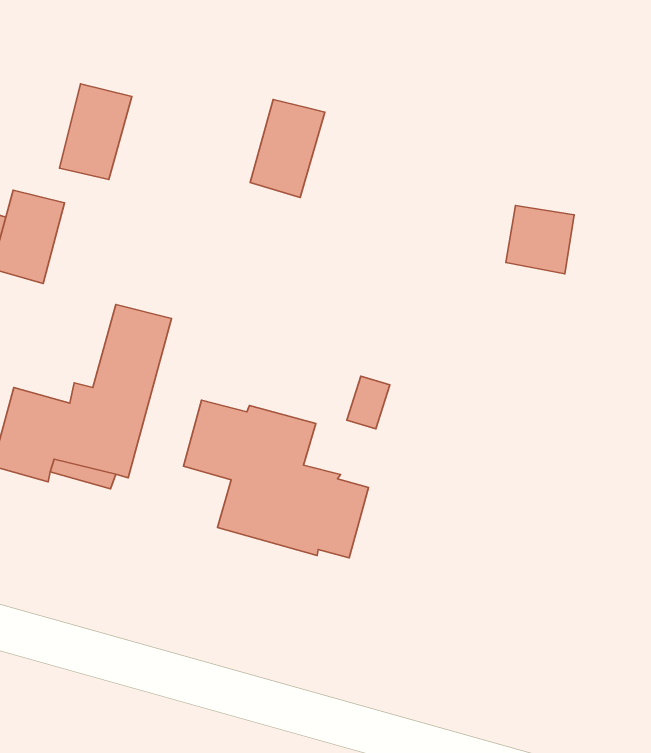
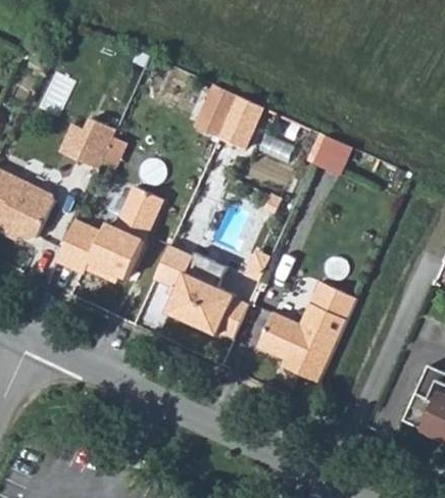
building: [60,84,132,179] -> [191,85,235,137]
building: [506,205,574,274] -> [312,132,352,171]
building: none -> [257,282,357,383]

